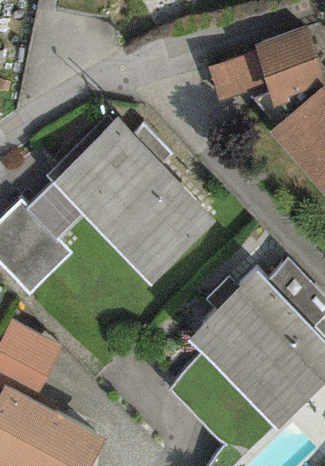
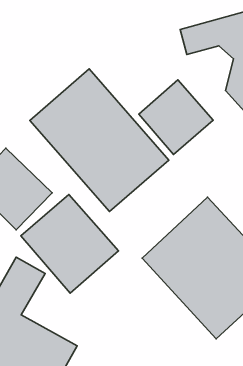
building: none -> [139,80,213,154]
building: none -> [21,195,118,293]

